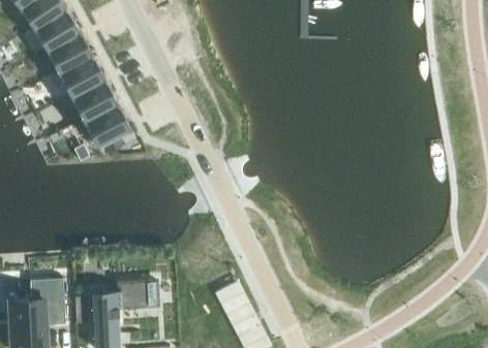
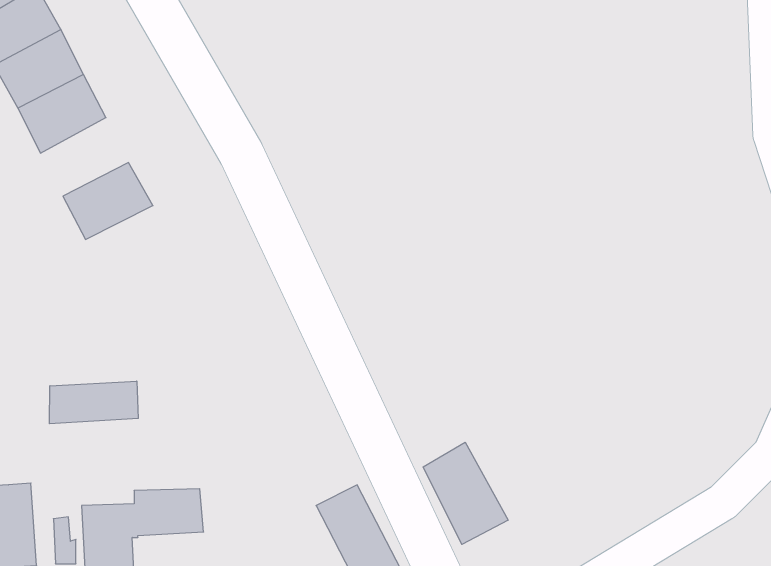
building: [67,77,116,121] -> none
building: none -> [50,381,138,424]
building: none -> [423,442,508,544]

